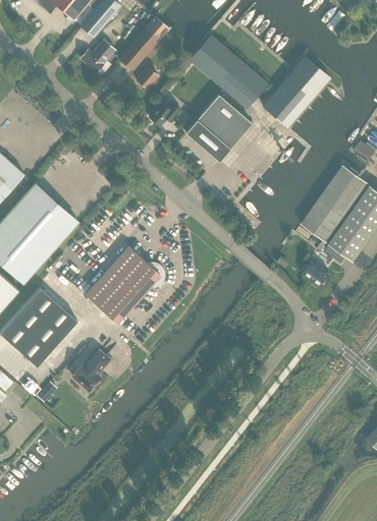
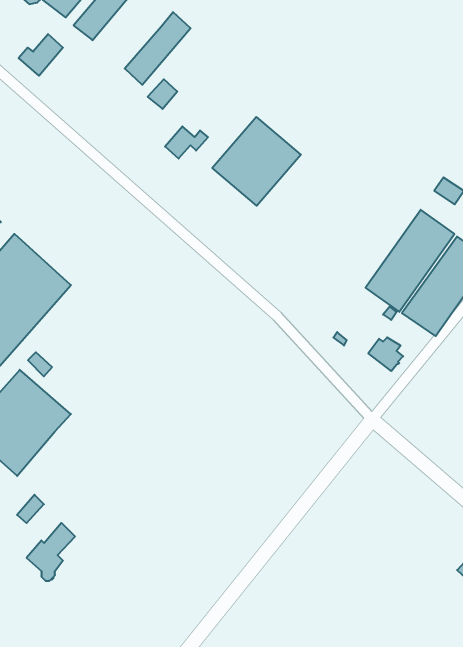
building: [190,35,267,108] -> none
building: [80,40,114,71] -> [19,34,63,76]
building: [262,56,330,127] -> none
building: [86,246,164,323] -> none
building: [72,349,109,393] -> [27,523,75,581]

